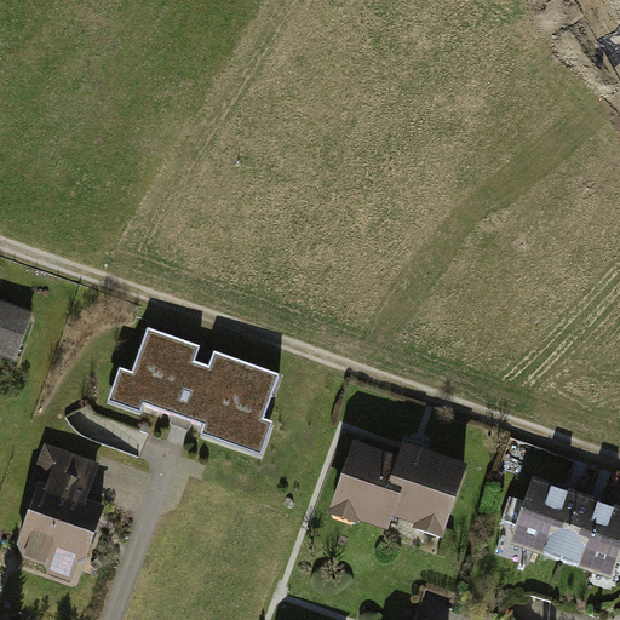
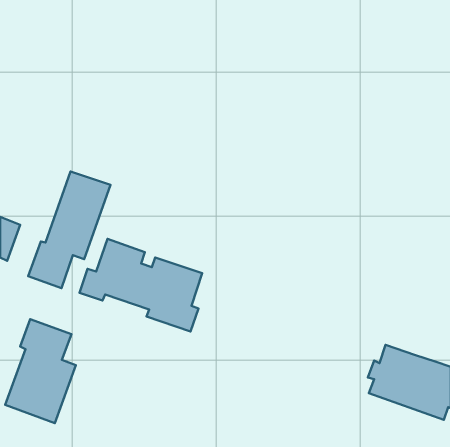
building: none -> [28,171,110,288]
building: [327,437,466,536] -> none

